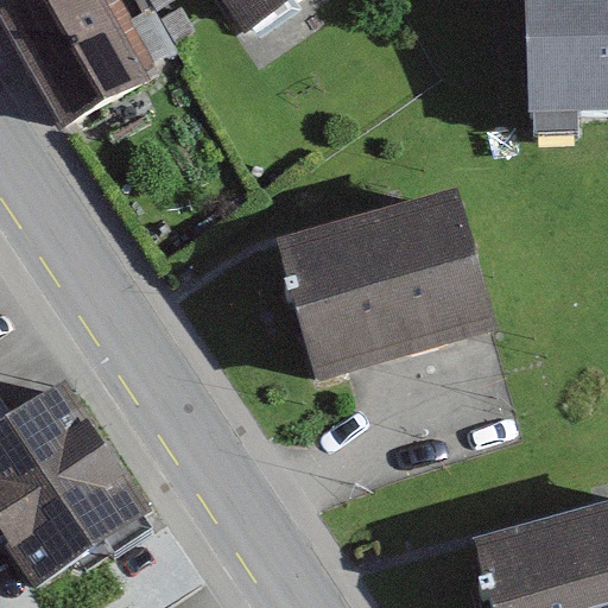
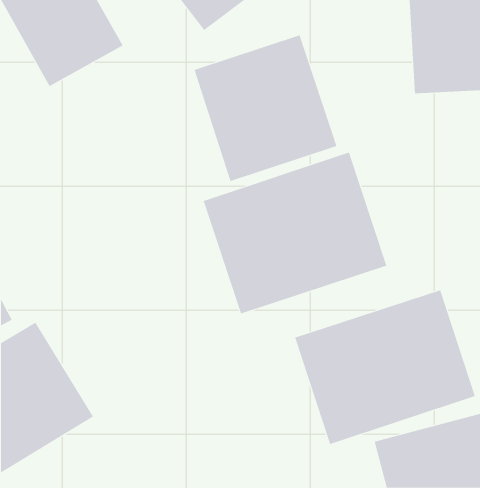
building: none -> [194,35,337,182]
building: none -> [294,290,476,445]

